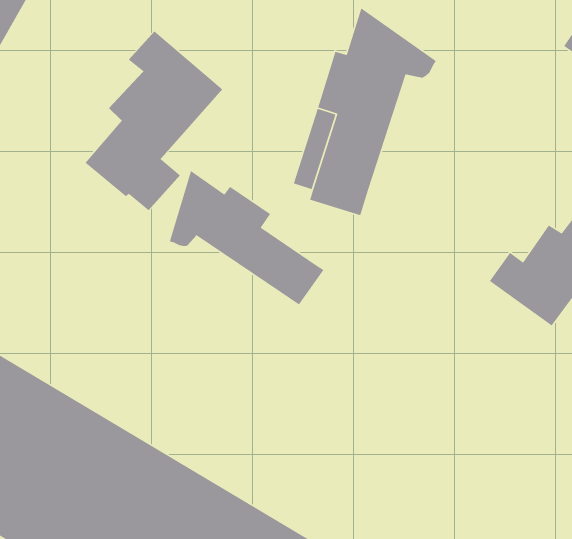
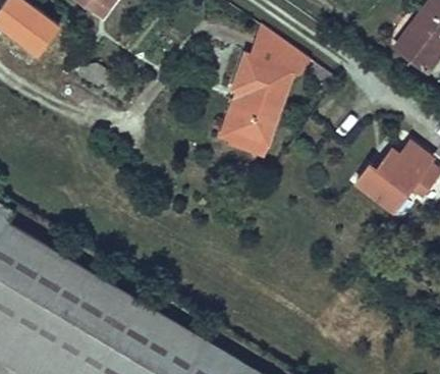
building: [85,30,223,211] -> none
building: [169,170,324,306] -> none

